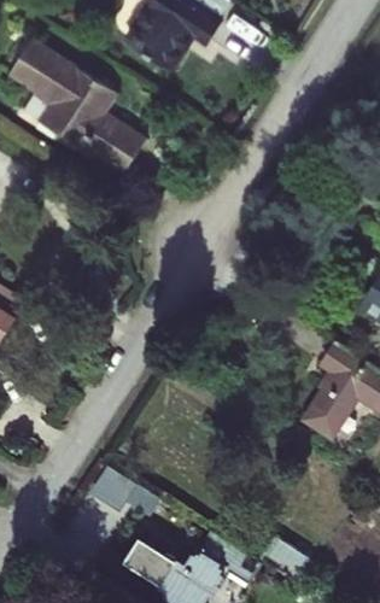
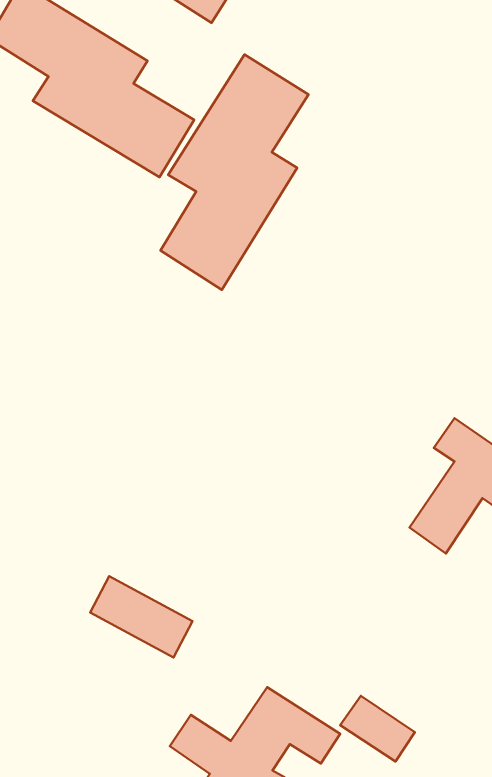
building: none -> [161,54,308,290]

